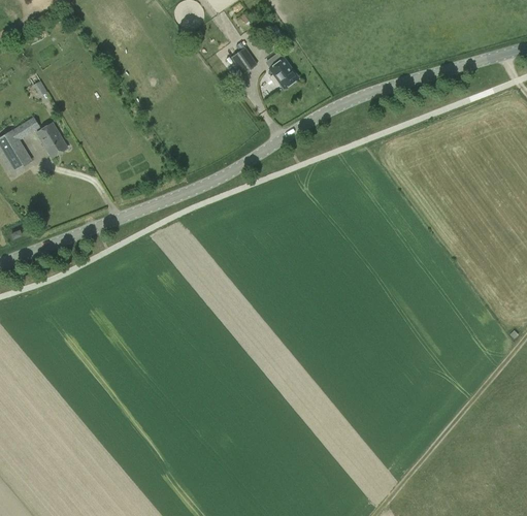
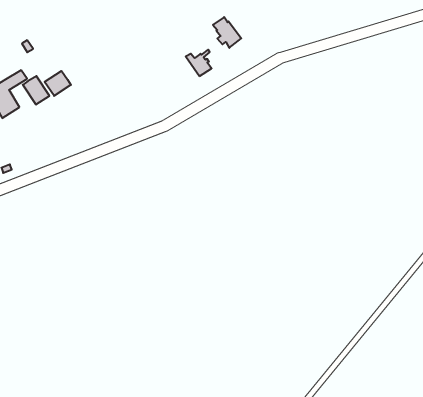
building: [226,42,257,74] -> [186,50,212,76]
building: none -> [45,71,71,96]

